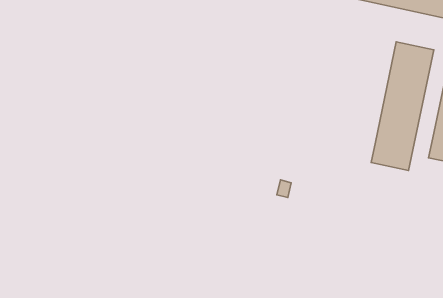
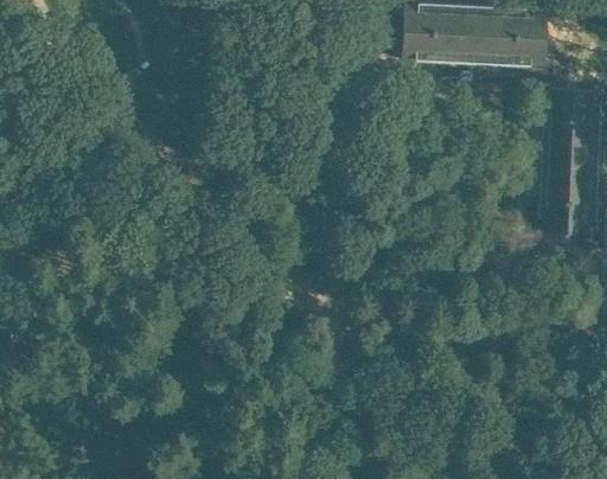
building: [371,42,434,170] -> none

